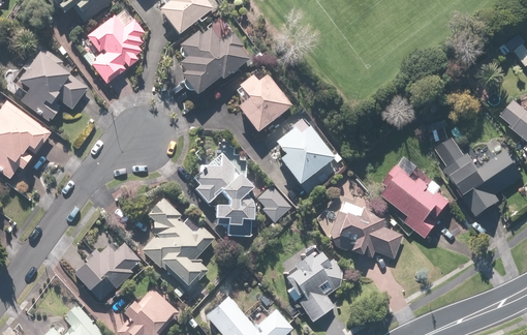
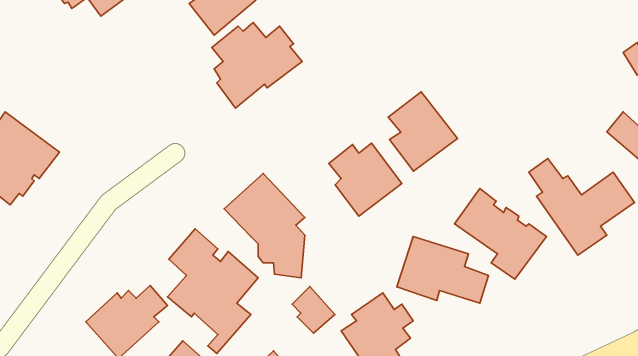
building: [85,16,145,85] -> none
building: [16,44,89,120] -> none
building: [236,68,292,133] -> [388,92,458,171]
building: [257,185,292,223] -> [292,287,335,333]

